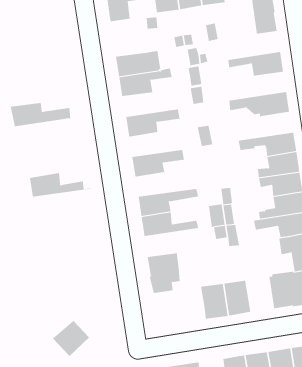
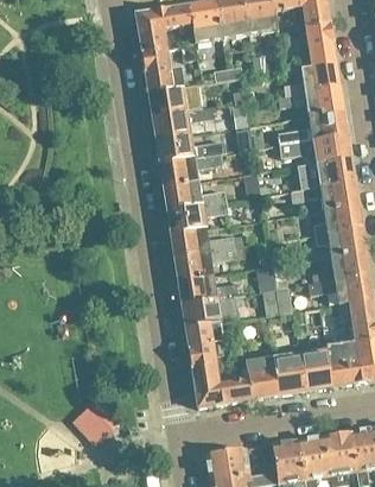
building: none -> [141,49,184,93]
building: none -> [279,63,341,96]
building: none -> [278,110,348,144]
building: [10,102,71,127] -> [155,134,227,163]
building: none -> [290,157,356,190]
building: none -> [164,181,227,209]
building: [29,173,92,197] -> [171,227,243,255]
building: none -> [182,292,246,325]
building: none -> [300,348,332,390]
building: none -> [192,365,253,406]

